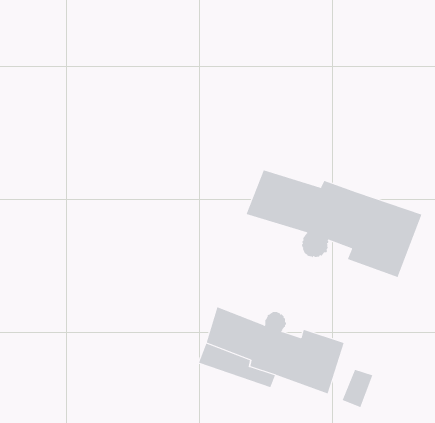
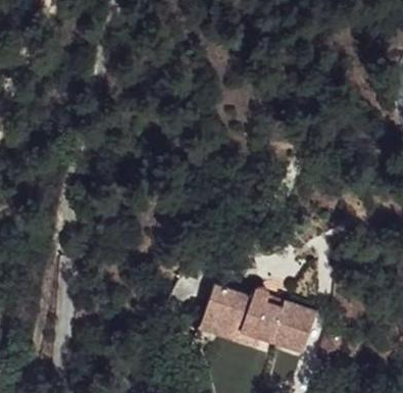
building: [246,169,422,278] -> none

